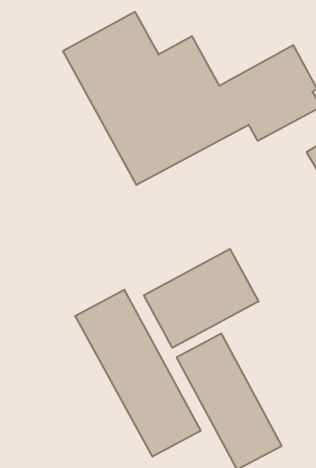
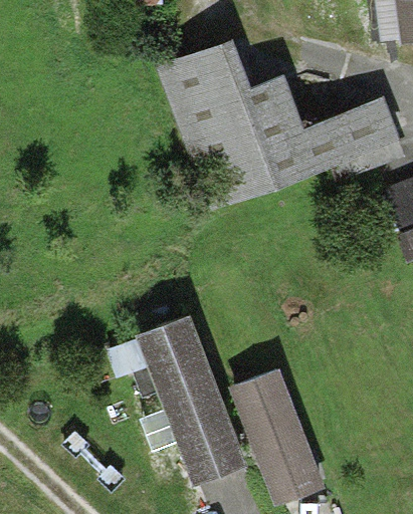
building: [144,249,259,348] -> none

